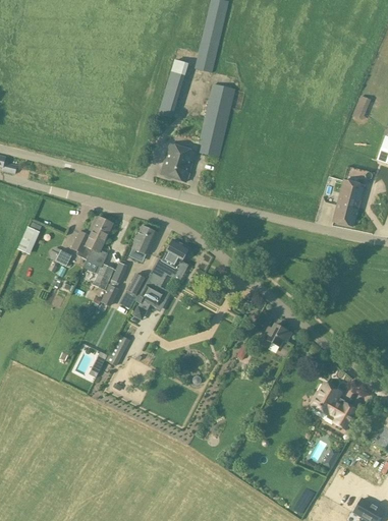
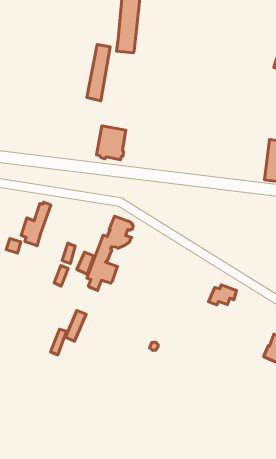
building: [197,83,235,157] -> none
building: [88,221,114,290] -> none
building: [132,226,157,254] -> none

